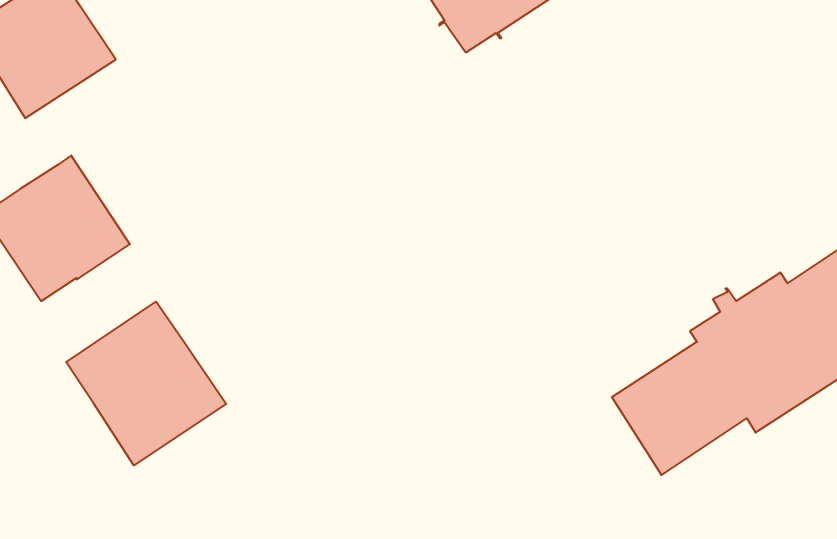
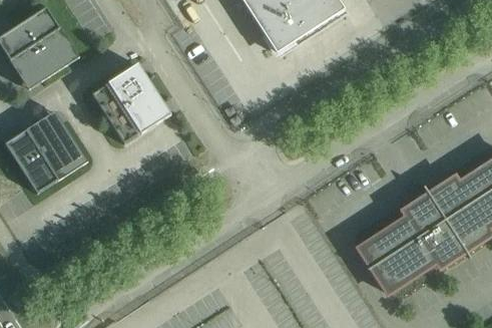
building: none -> [91,63,170,143]
building: [66,302,226,465] -> none

